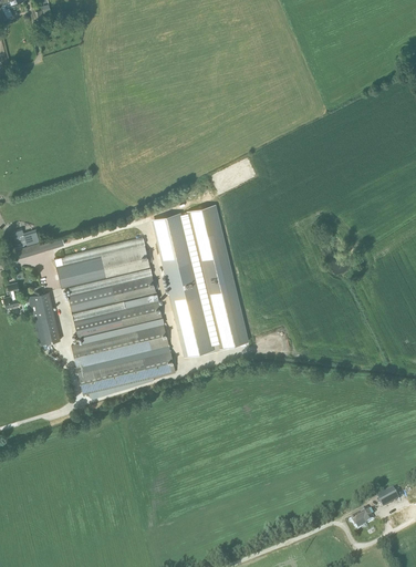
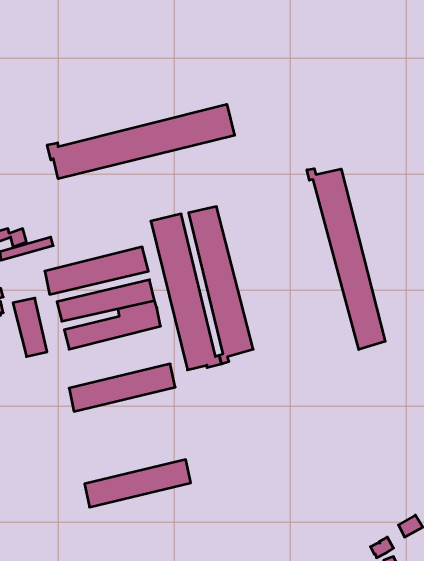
building: none -> [47,104,235,179]
building: none -> [307,169,385,350]
building: [73,321,169,364] -> [85,460,191,507]

